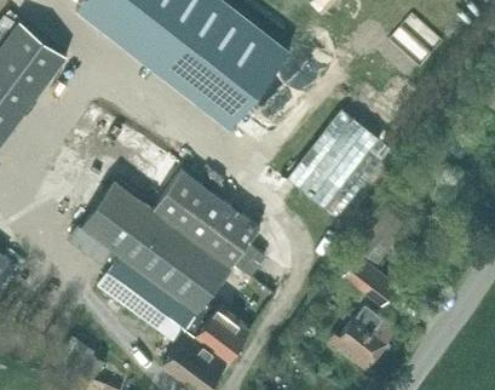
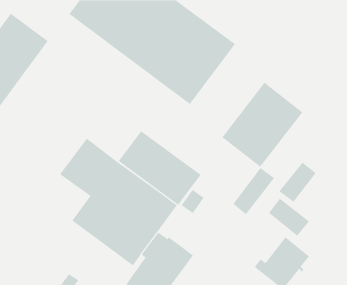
building: none -> [232,167,275,215]

